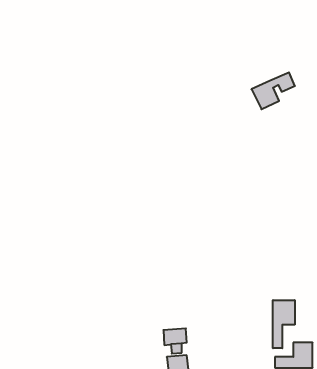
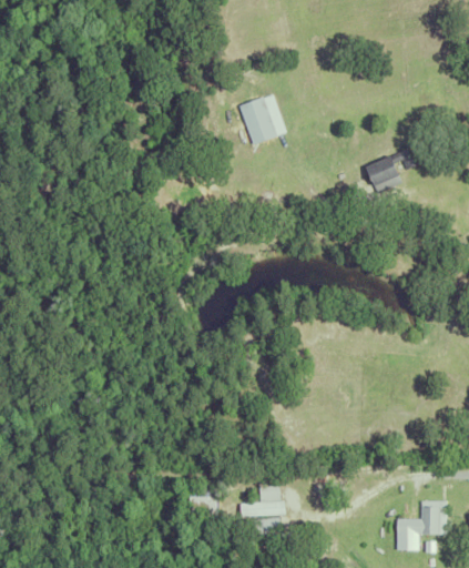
building: none -> [239,97,277,144]
building: [273,300,295,348] -> none

